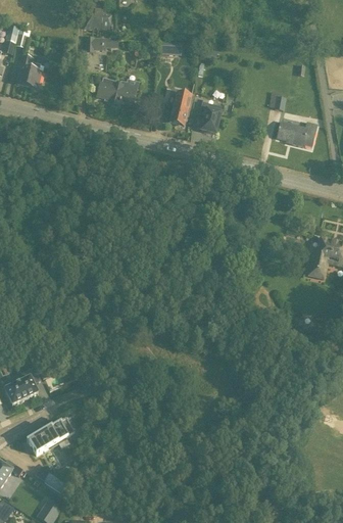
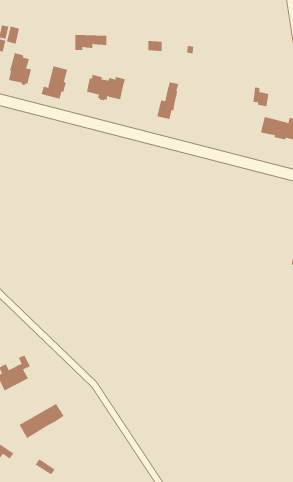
building: [84,6,111,30] -> none
building: none -> [41,66,68,99]
building: [199,100,220,133] -> none

